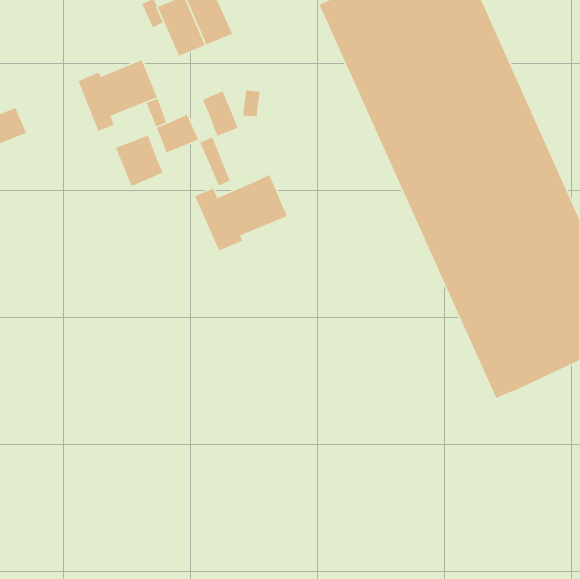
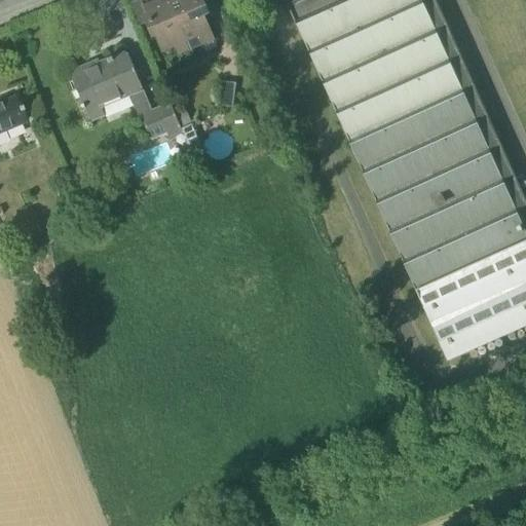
building: [202,90,239,137] -> none
building: [115,134,164,187] -> none
building: [194,174,288,251] -> none

